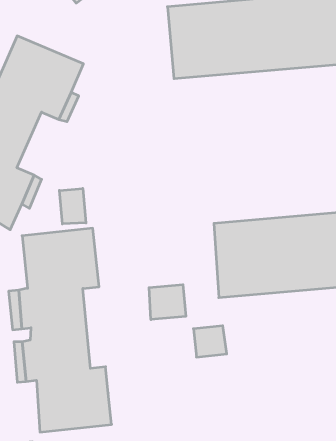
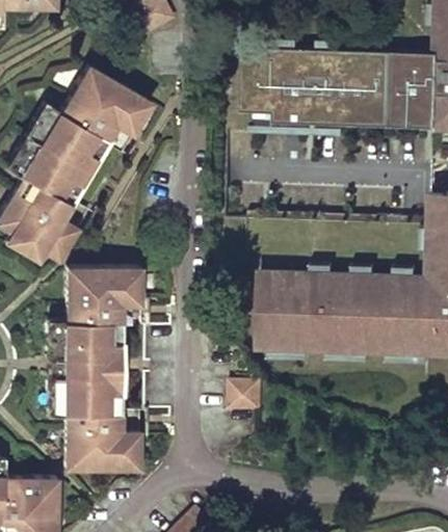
building: [59,188,86,224] -> none
building: [149,285,186,320] -> none

